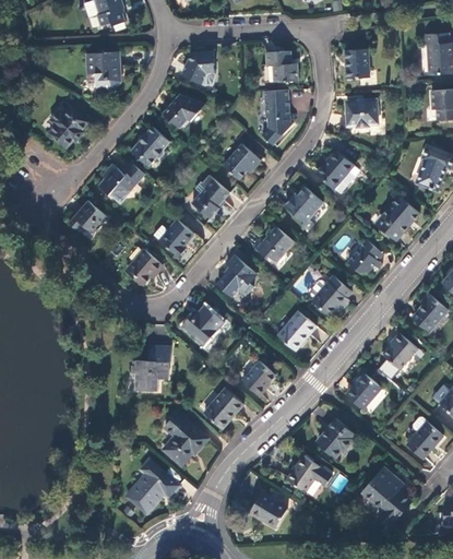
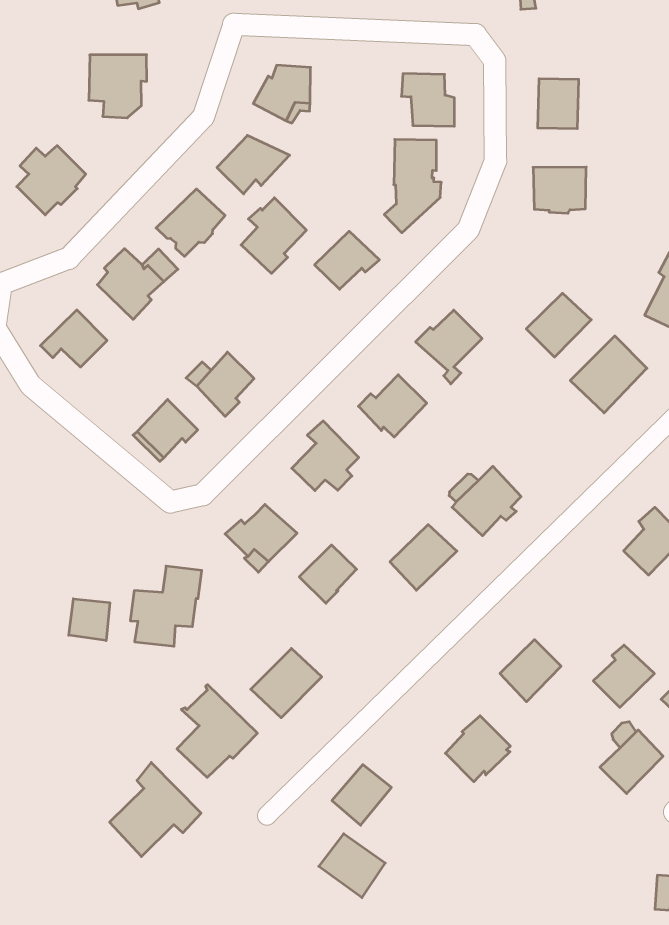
building: [315,151,353,188] -> [526,293,591,357]
building: [191,175,228,218] -> [241,198,306,273]
building: [347,238,382,273] -> none
building: [382,333,417,369] -> [593,645,654,707]
building: [241,361,274,395] -> [299,545,357,603]
building: none -> [69,599,110,641]
building: [286,456,320,491] -> [332,765,391,825]
building: [361,467,412,525] -> none

